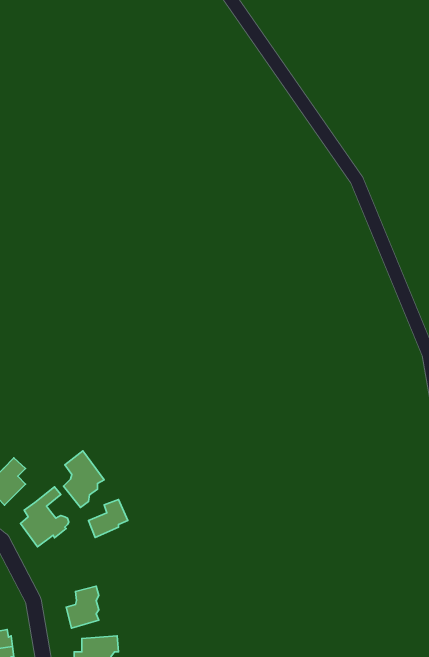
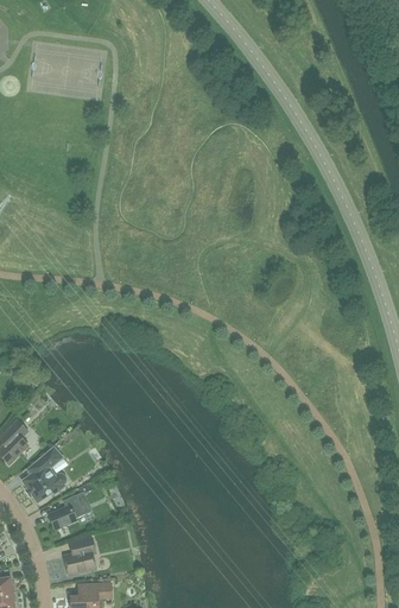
building: [64,451,104,508] -> none
building: [88,500,128,538] -> [48,494,83,528]

